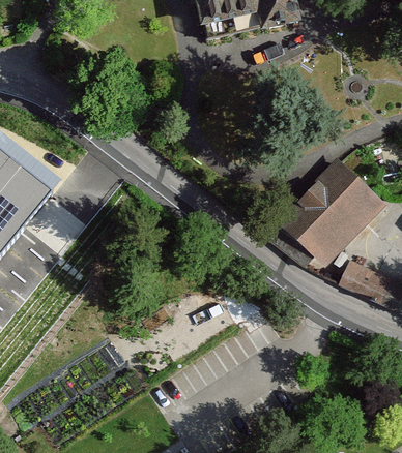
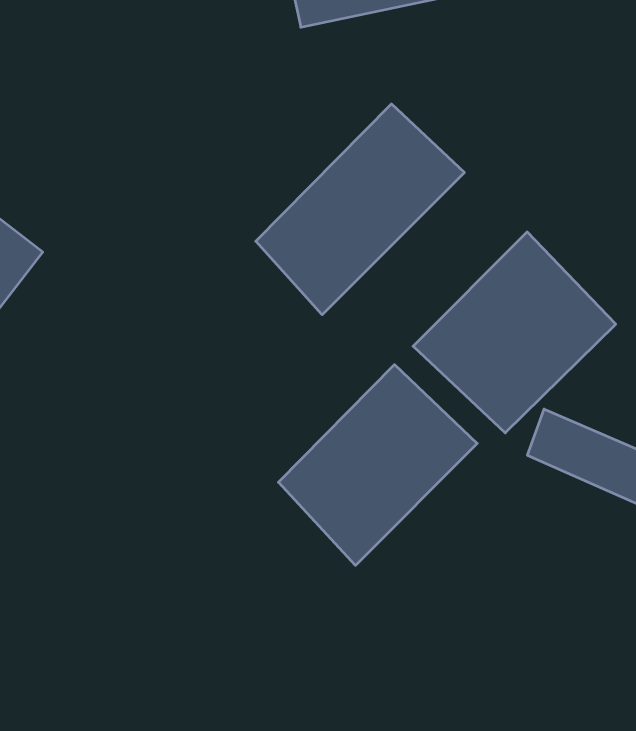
building: none -> [256,104,464,315]
building: none -> [278,365,477,565]

